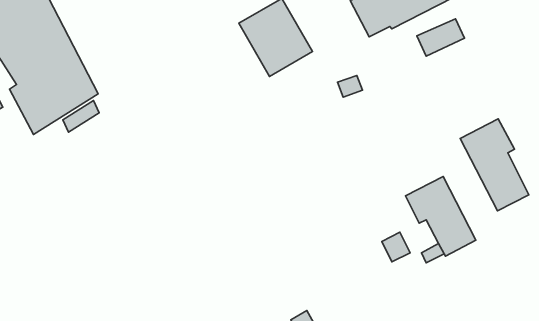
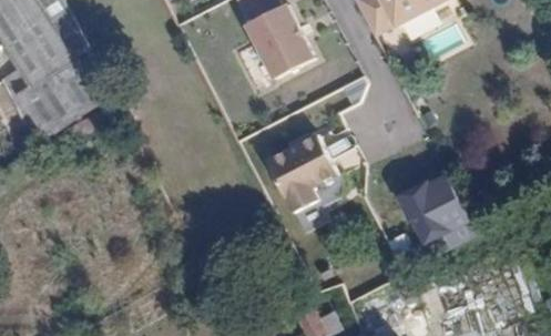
building: [460,119,529,211] -> none
building: none -> [259,130,355,211]

